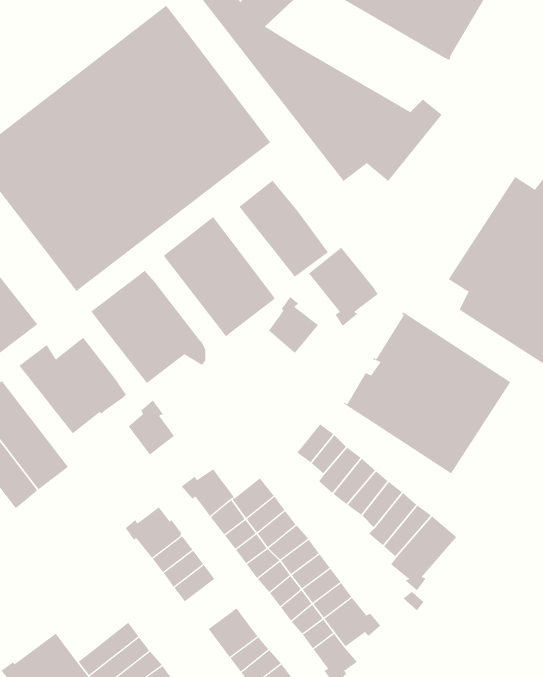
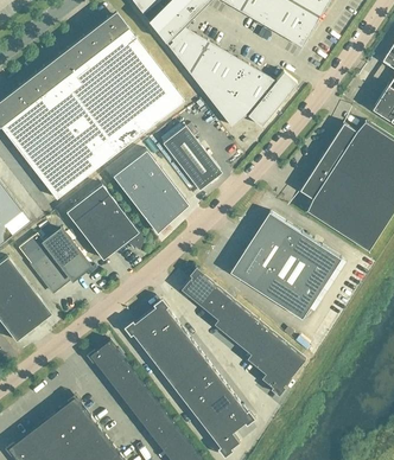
building: [308,247,379,327] -> none
building: [268,296,319,354] -> [182,267,215,305]
building: [128,400,175,456] -> [145,298,176,334]
building: none -> [126,388,160,421]
building: none -> [42,394,89,442]

